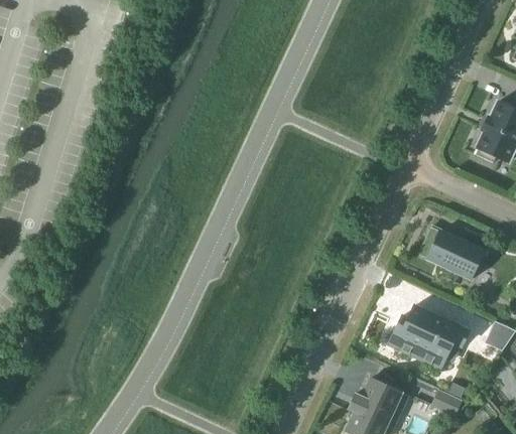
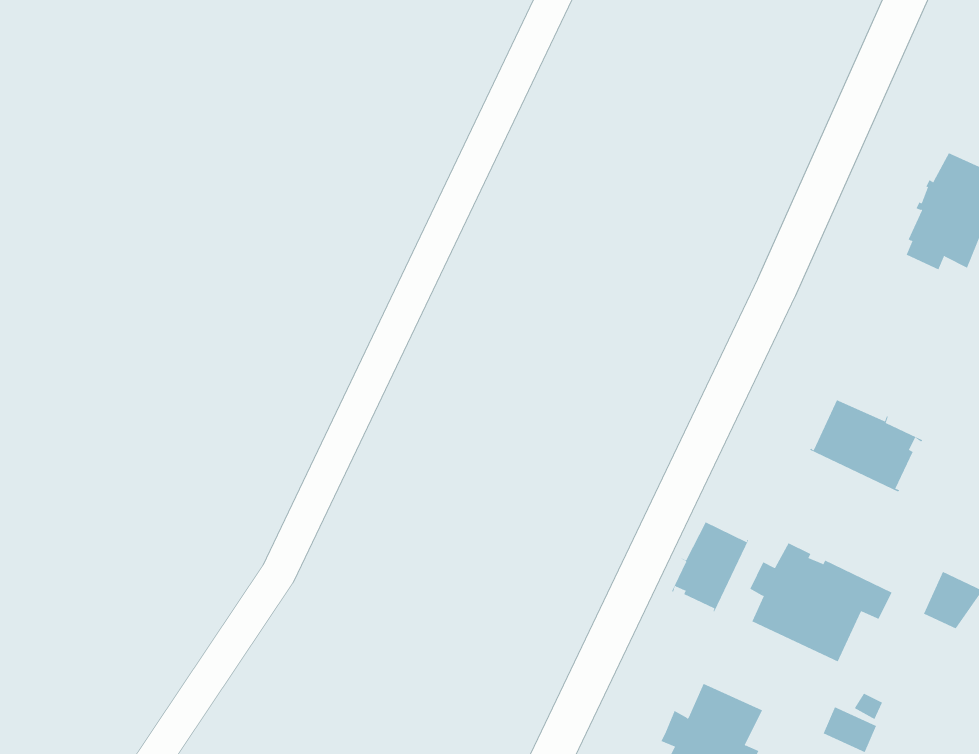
building: none -> [671,521,749,612]

